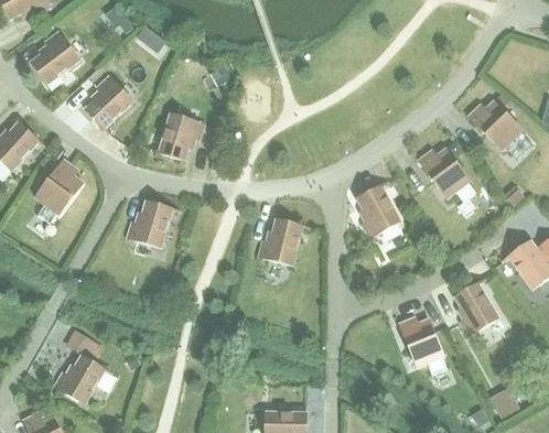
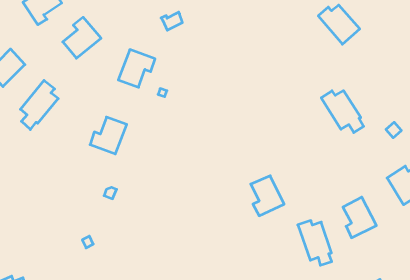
building: [467,100,521,150] -> [318,5,360,44]
building: [356,185,400,237] -> [251,176,284,216]
building: [258,218,302,264] -> none
building: [53,355,105,403] -> none

